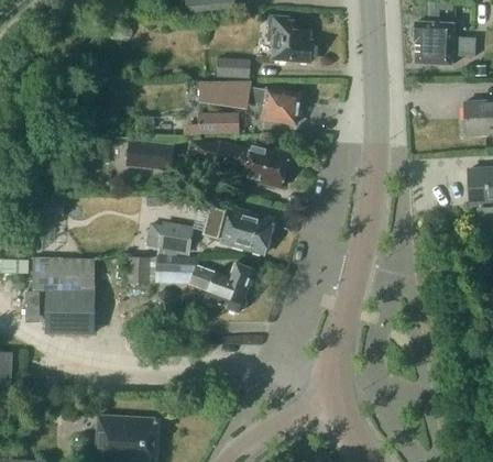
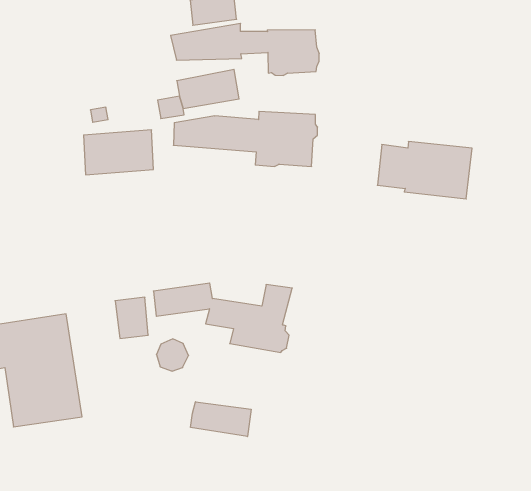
building: [205,206,274,253] -> [377,142,472,199]
building: [161,226,195,252] -> none
building: none -> [191,402,251,437]

